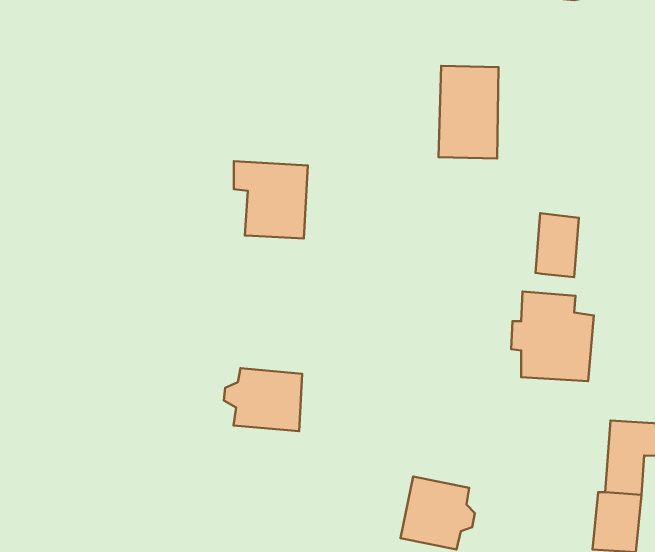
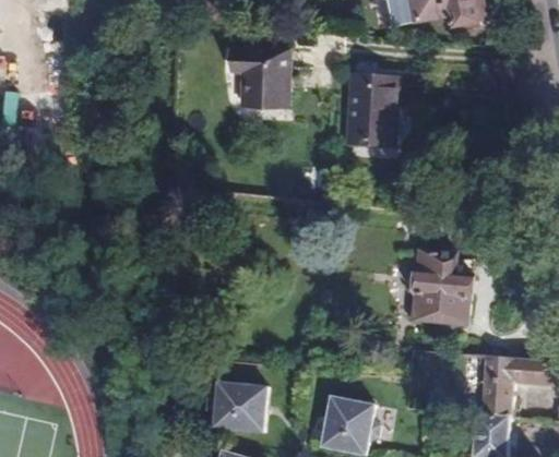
building: [234,161,308,238] -> [239,49,297,109]
building: [536,213,579,277] -> none
building: [224,368,302,431] -> [204,383,265,432]

